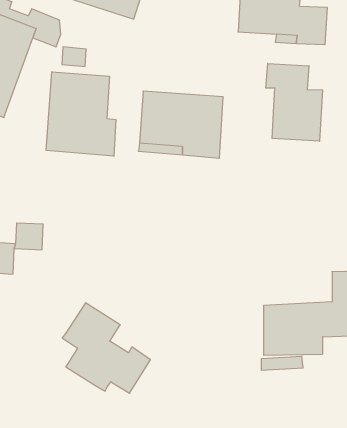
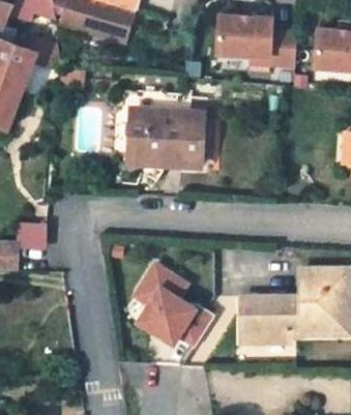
building: [266,63,323,141] -> none
building: [46,72,116,156] -> none
building: [62,303,150,393] -> [136,264,214,345]

